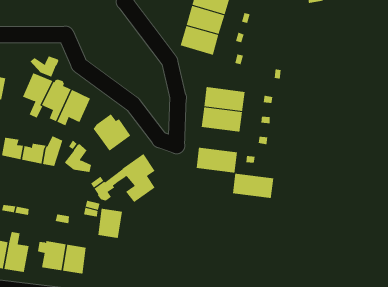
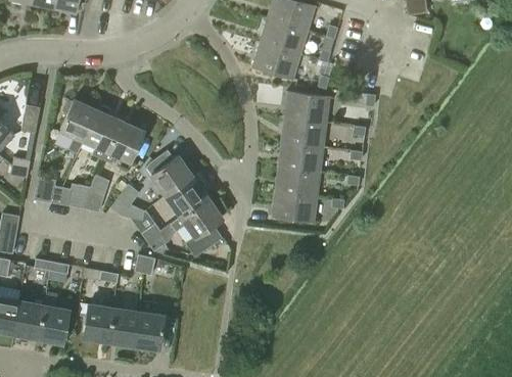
building: [30,55,59,78] -> none
building: none -> [283,91,334,123]
building: none -> [166,176,207,217]
building: [232,173,274,198] -> [274,166,325,196]
building: [98,208,123,238] -> [134,312,165,348]

